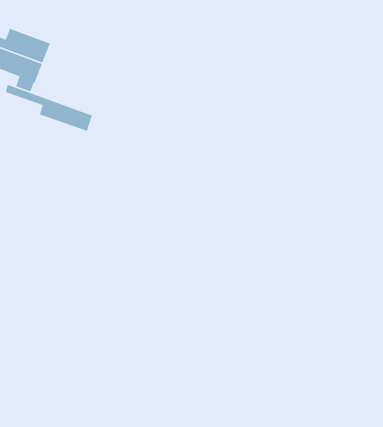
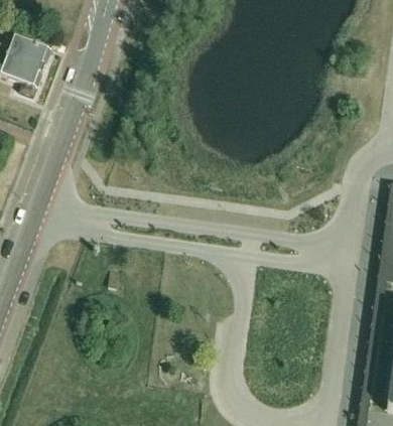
building: [5,84,93,132] -> none

